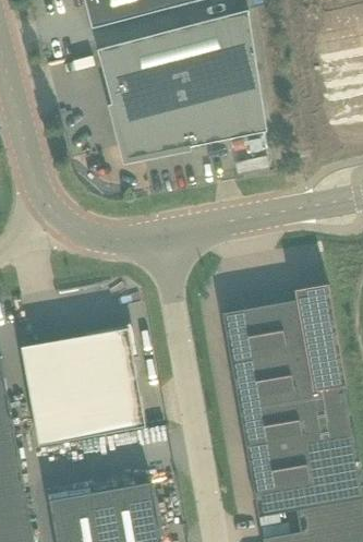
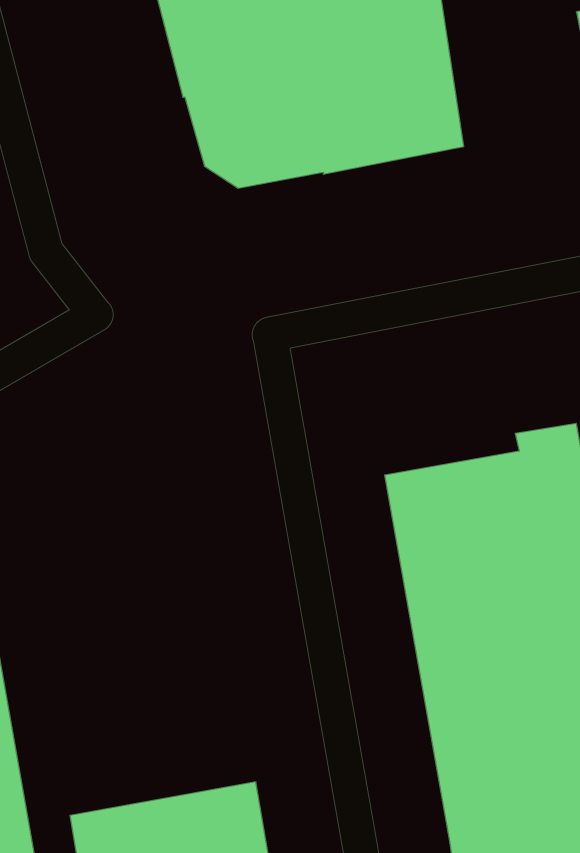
building: [20,329,144,447] -> none

